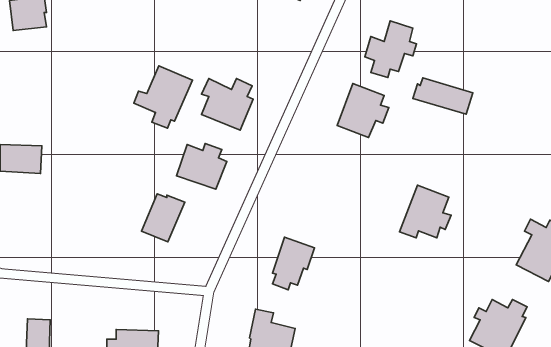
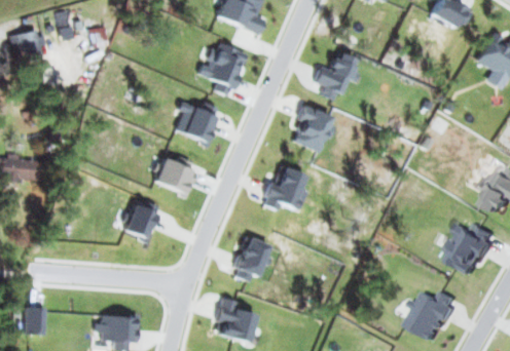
building: [134,66,193,128] -> [197,42,248,95]
building: [413,78,473,114] -> none
building: [399,185,451,238] -> [263,165,307,210]

